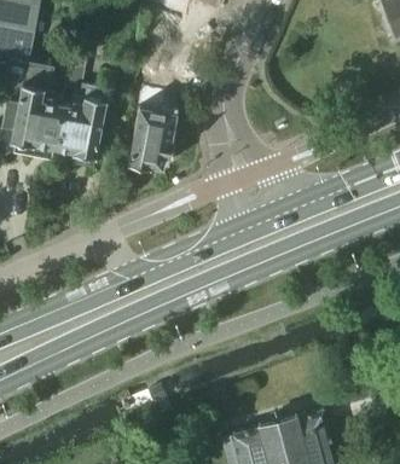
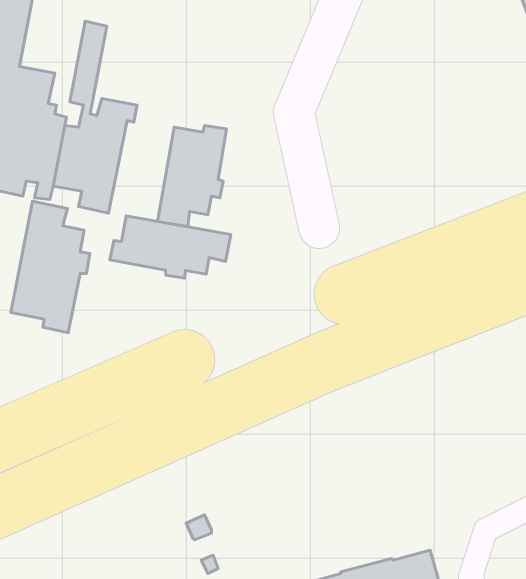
building: none -> [11,201,90,333]
building: none -> [110,216,231,278]

